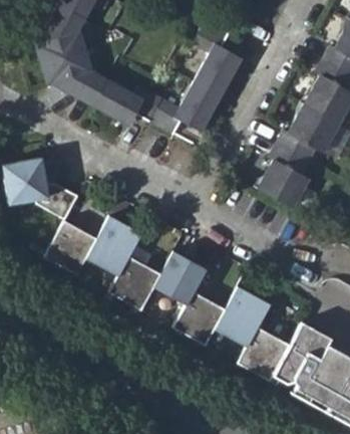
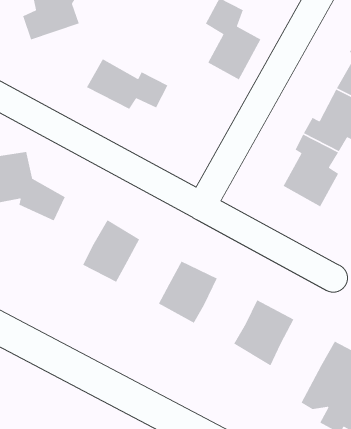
building: [45,51,106,105] -> none
building: [152,84,223,136] -> none
building: [45,220,98,275] -> none
building: [108,254,162,309] -> none
building: [173,291,228,346] -> none
building: [239,324,292,381] -> none

